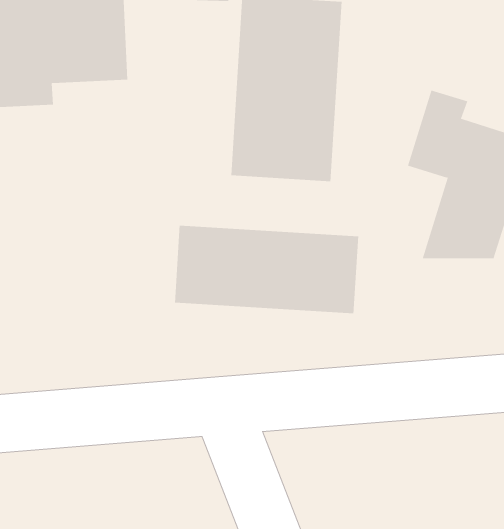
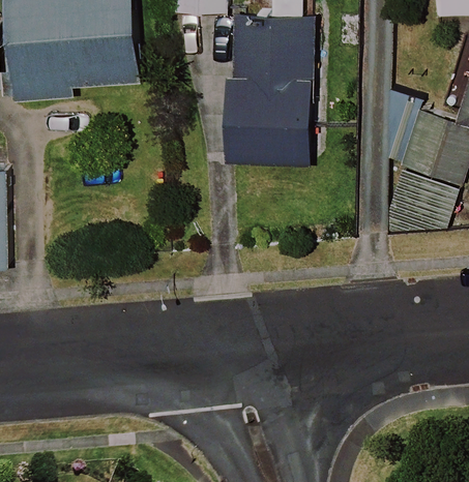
building: [174,225,359,314] -> none

